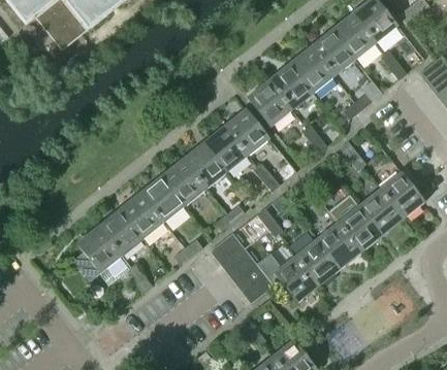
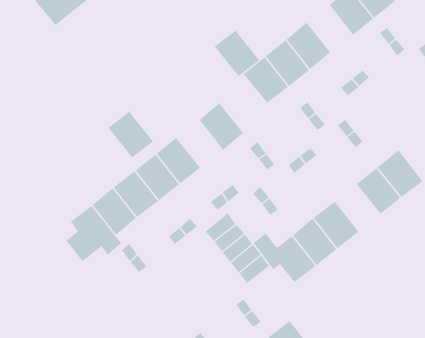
building: [310,29,355,75] -> none
building: [224,108,269,155] -> [214,30,260,77]
building: [182,142,227,189] -> [108,111,154,158]
building: [329,195,382,251] -> none

